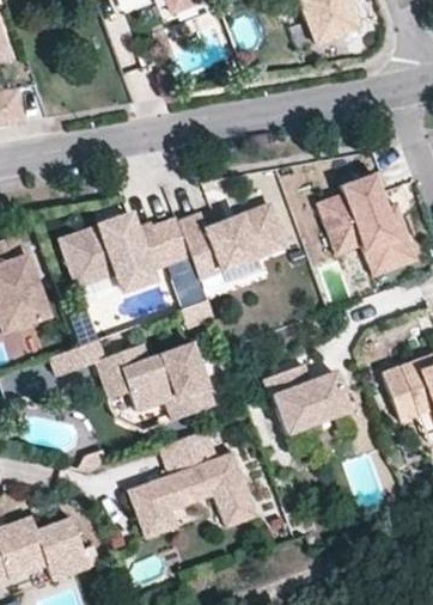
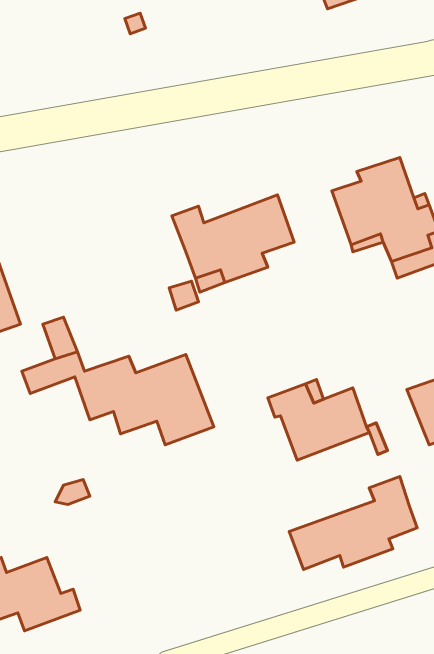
building: [60,215,191,291] -> none
building: [128,430,258,539] -> none
building: none -> [289,477,417,570]

